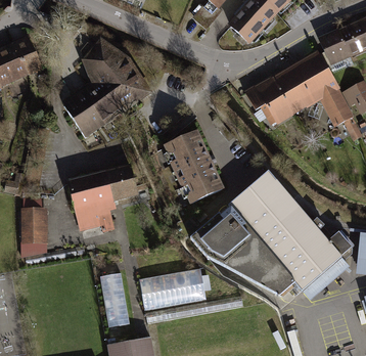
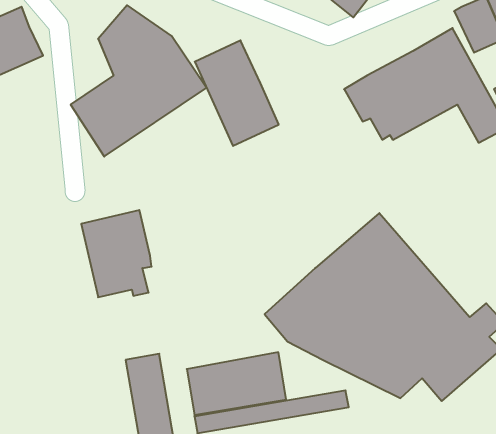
building: [166,129,222,199] -> [195,40,279,146]
building: [108,165,140,202] -> none
building: [20,195,48,254] -> none

